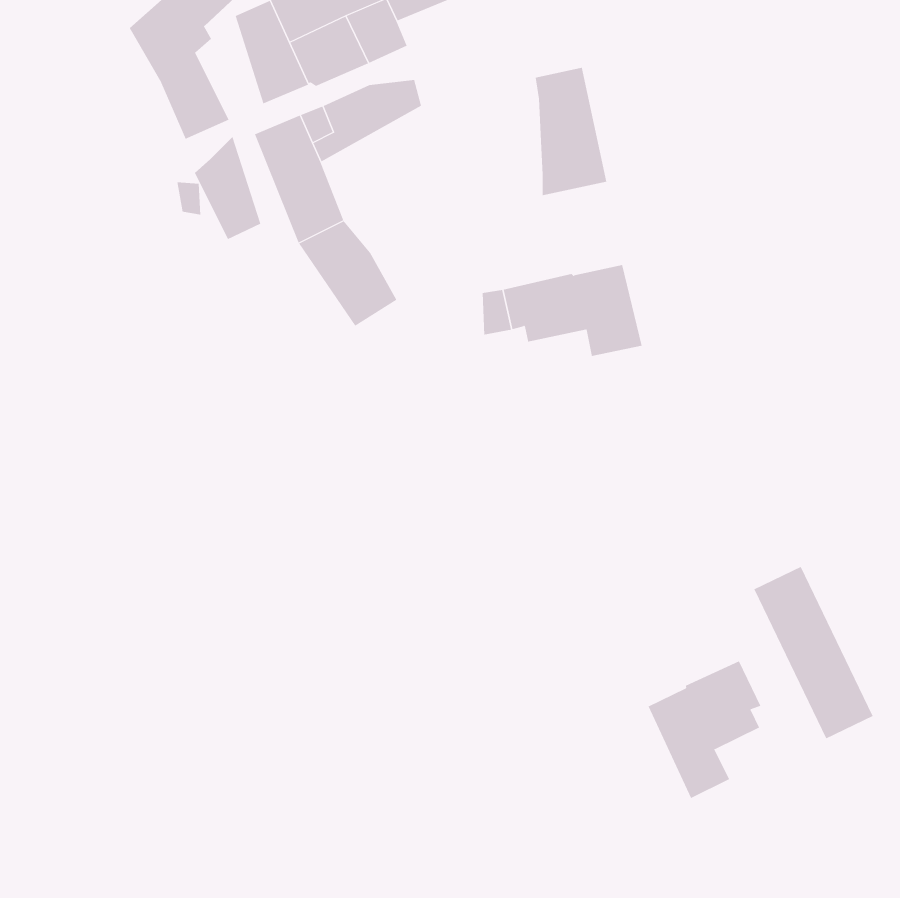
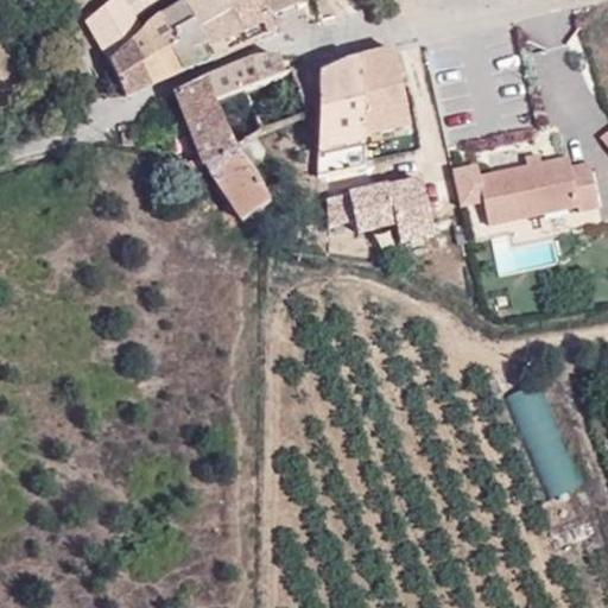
building: none -> [318,52,367,173]
building: [194,136,261,240] -> [133,11,178,81]
building: none -> [451,153,600,222]
building: [648,660,761,799] -> none

